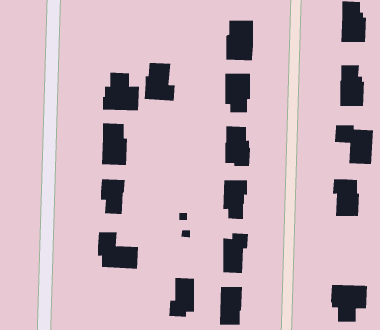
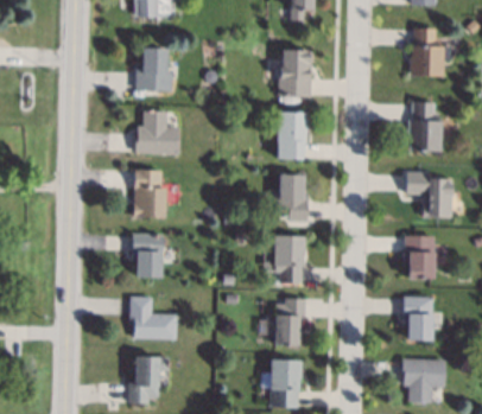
building: [144,62,175,101] -> [137,46,173,91]
building: none -> [404,295,433,340]
building: [169,278,195,317] -> [128,357,159,403]

